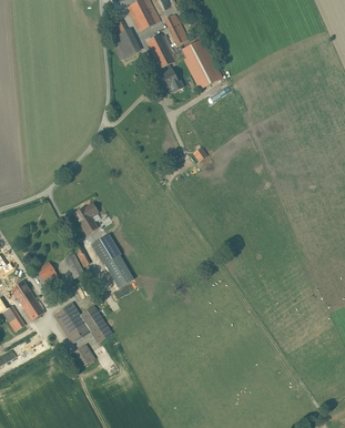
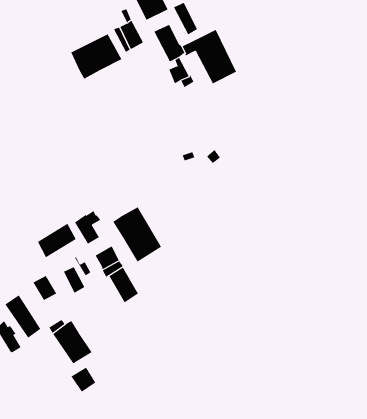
building: none -> [70,34,122,80]
building: none -> [112,207,162,263]
building: none -> [37,223,76,258]
building: [80,306,112,343] -> none

